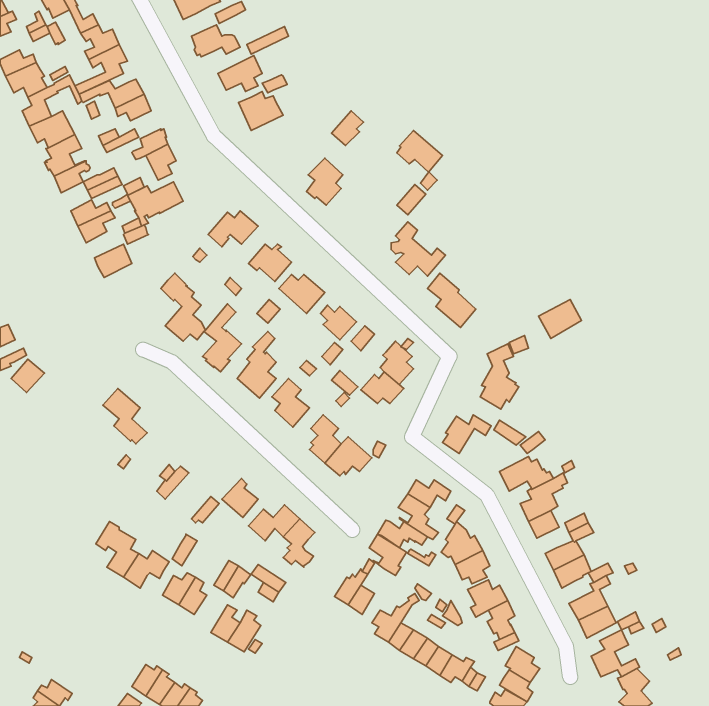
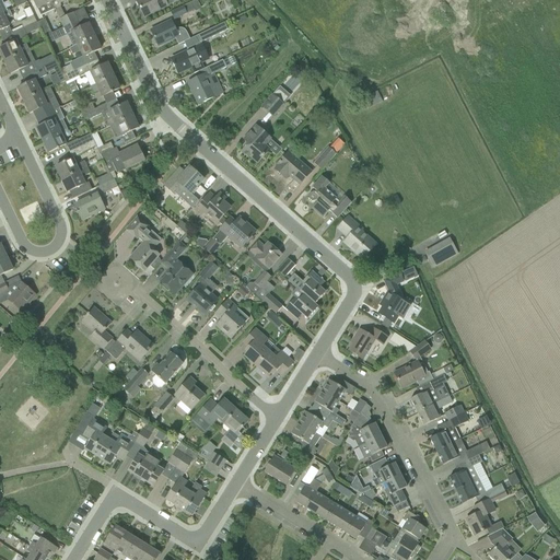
building: [397,130,443,172] -> [275,151,311,184]
building: none -> [107,329,153,360]
building: none -> [150,351,183,385]

